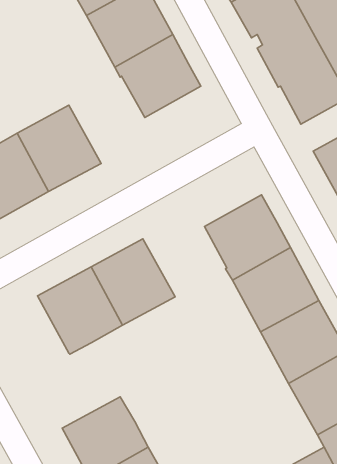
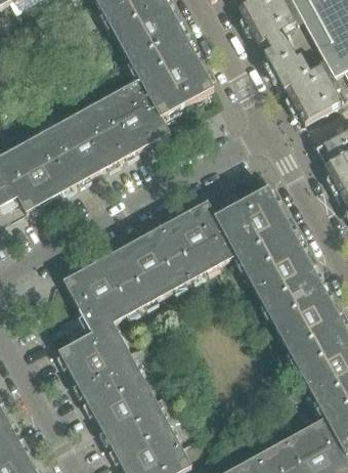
building: none -> [92,78,170,158]
building: none -> [160,200,236,280]
building: none -> [58,321,139,399]

